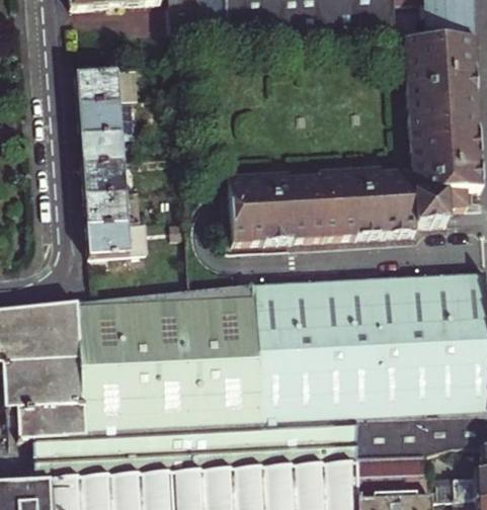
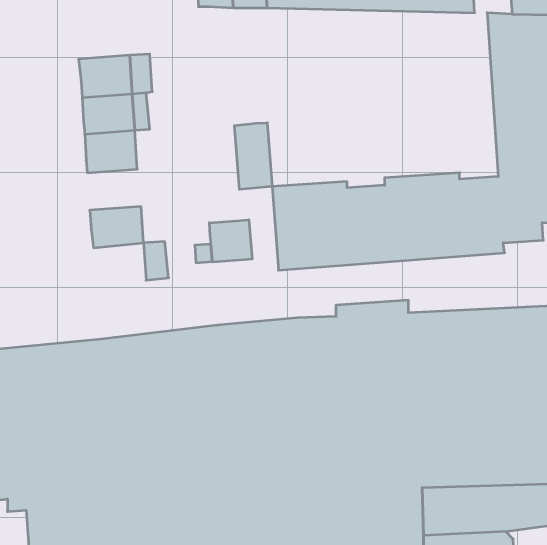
building: none -> [234,123,272,189]
building: [81,165,125,198] -> none
building: none -> [209,220,252,262]
building: [86,225,129,259] -> none

